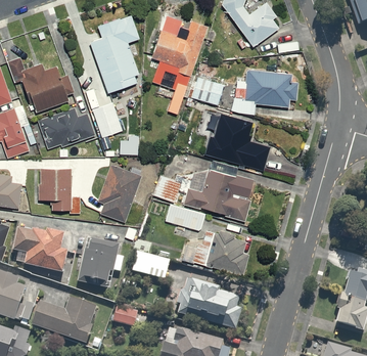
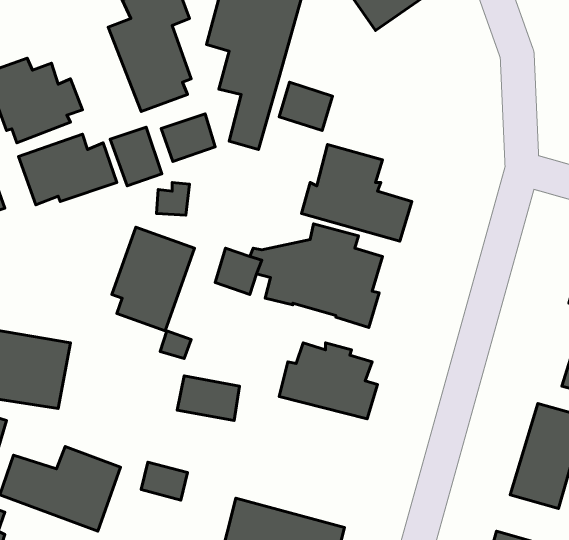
building: [232,70,300,115] -> none
building: none -> [161,114,215,161]
building: [37,165,79,211] -> none
building: [167,205,207,231] -> none
building: [77,235,126,285] -> none
building: [174,268,243,325] -> none

